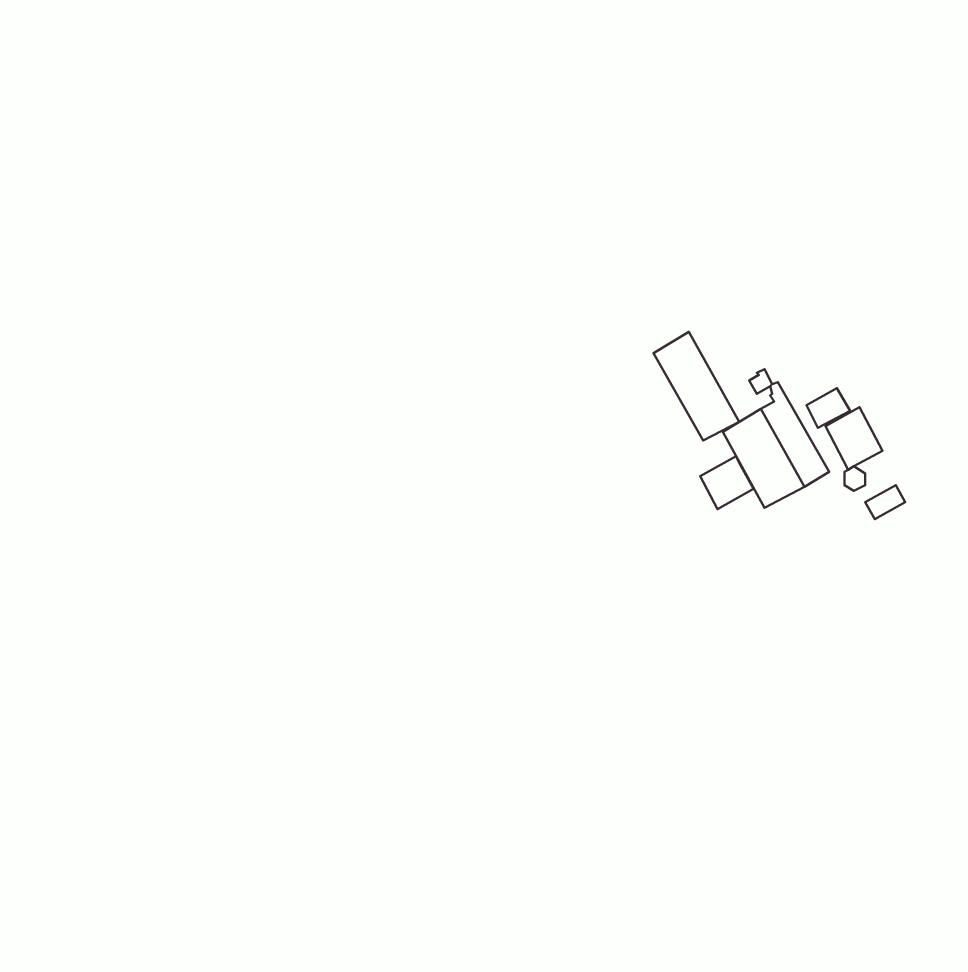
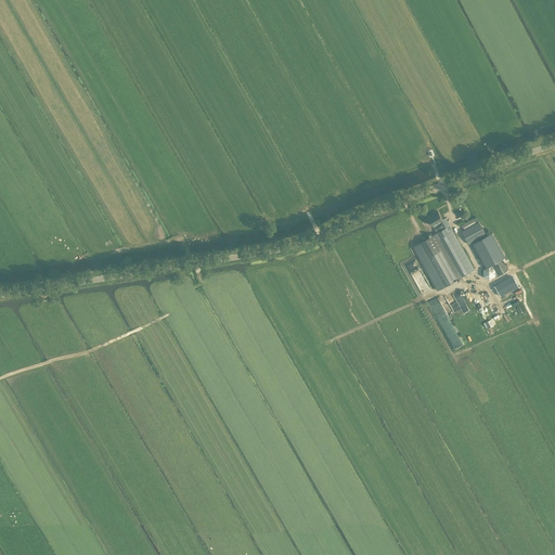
building: [654,332,739,440] -> none
building: [700,456,753,509] -> none

